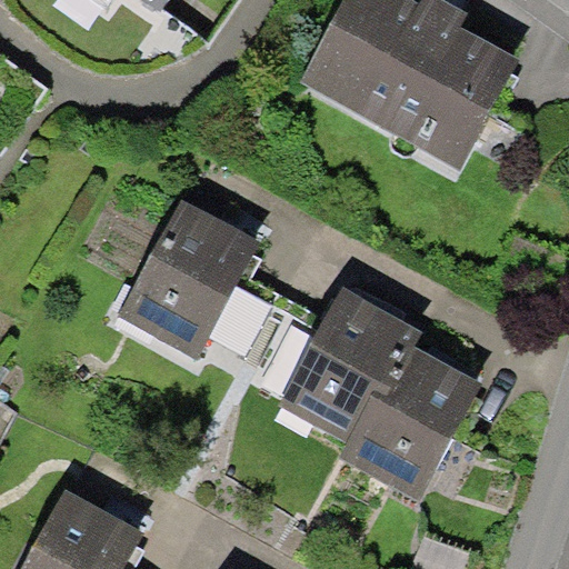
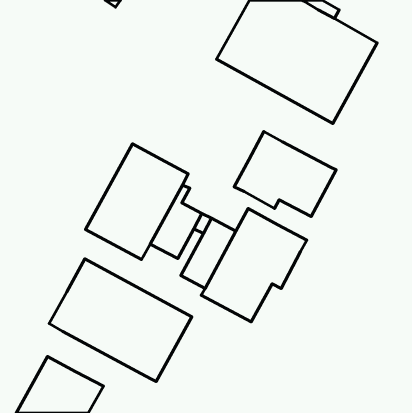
building: none -> [234,132,336,216]
building: [338,346,483,501] -> none
building: none -> [49,259,192,381]

